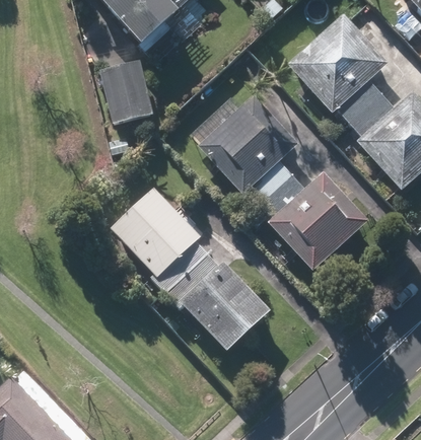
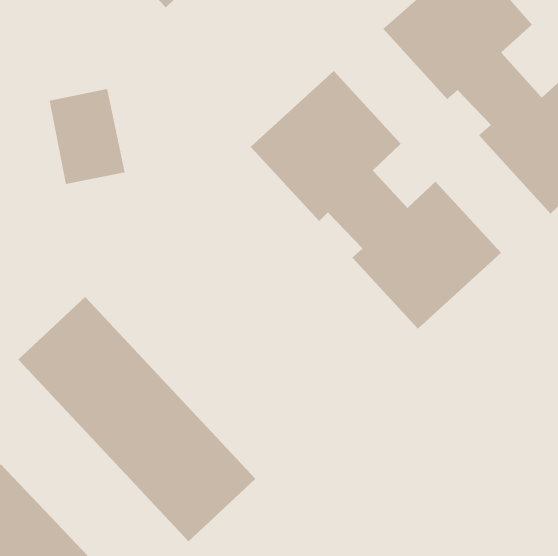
building: [99,61,152,127] -> [49,89,126,184]
building: [108,187,272,356] -> [18,296,256,542]

